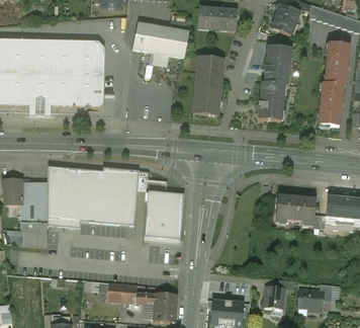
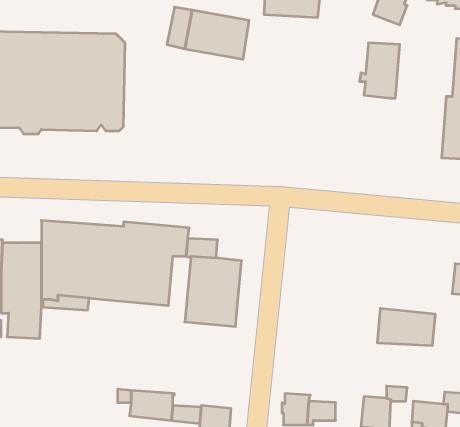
building: [192,56,221,114] -> none
building: [257,82,283,120] -> none
building: [275,195,314,221] -> [377,308,435,346]

